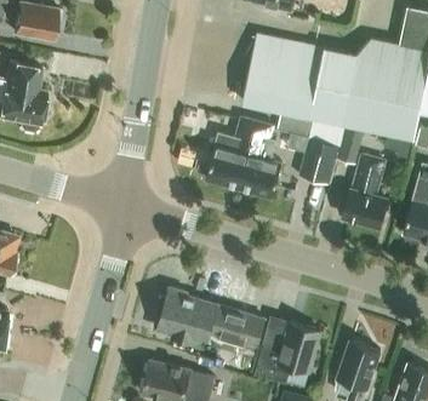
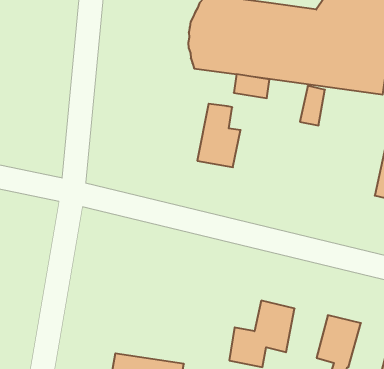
building: [207,116,275,188] -> none
building: [299,137,338,184] -> none
building: [343,155,388,228] -> none
building: [156,290,264,376] -> none

